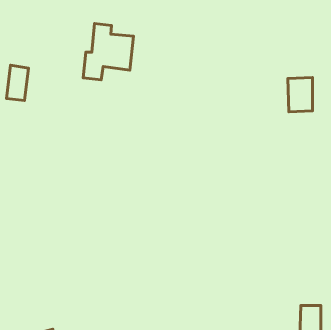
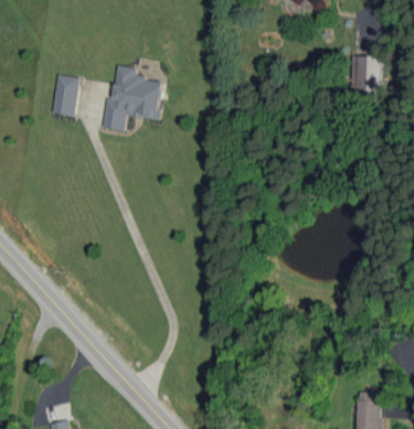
building: [7,65,28,100] -> [53,75,78,116]
building: [288,78,313,112] -> [351,56,380,96]

